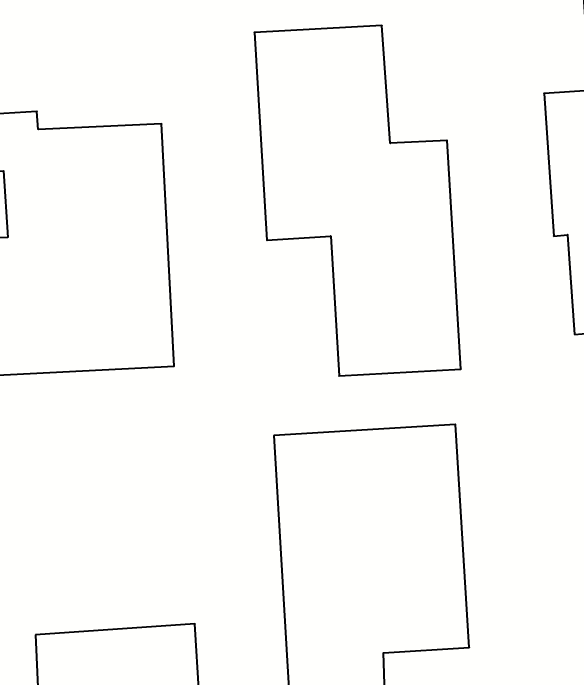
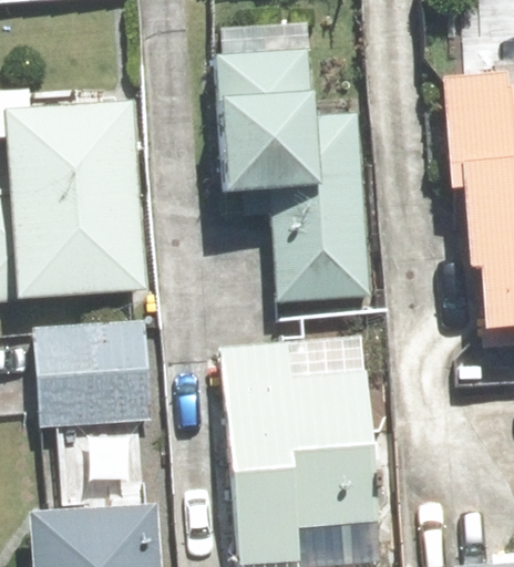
building: none -> [31,319,156,427]

